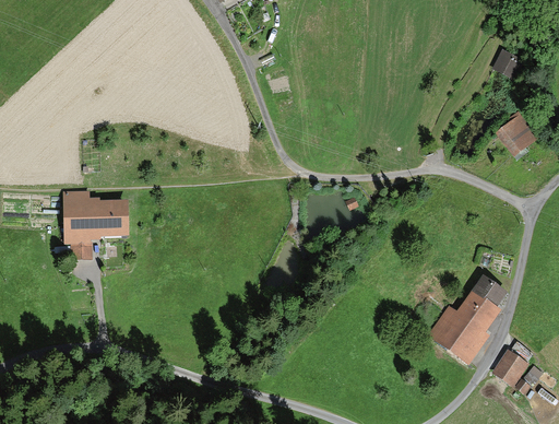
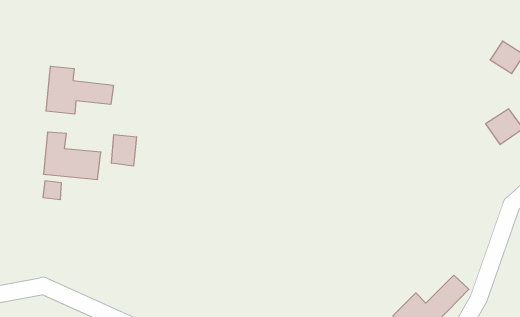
building: none -> [46,66,113,114]
building: none -> [112,135,137,166]

